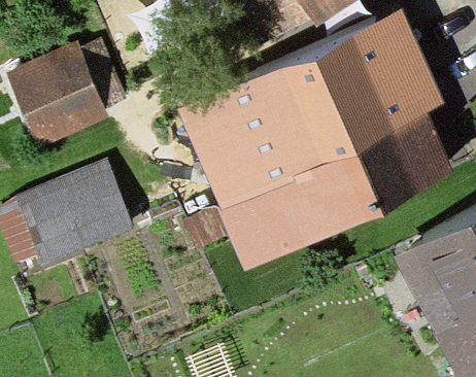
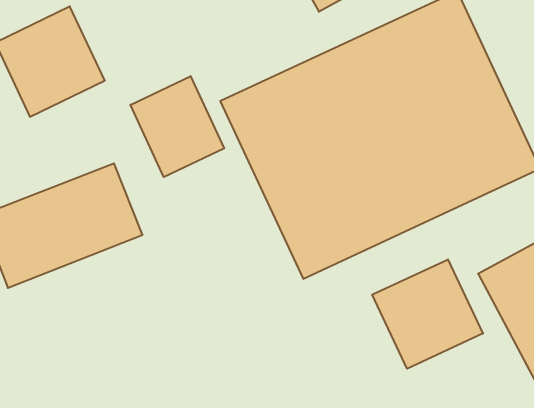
building: none -> [130,76,224,177]
building: none -> [372,259,483,369]

